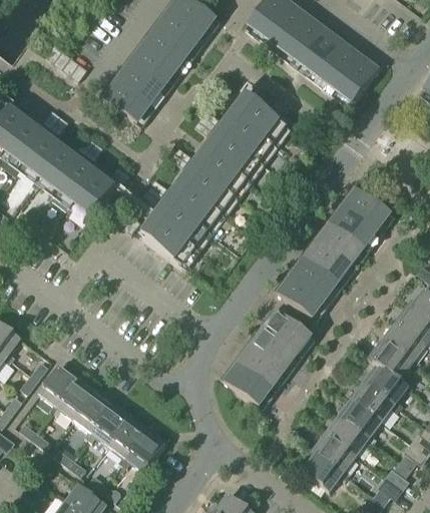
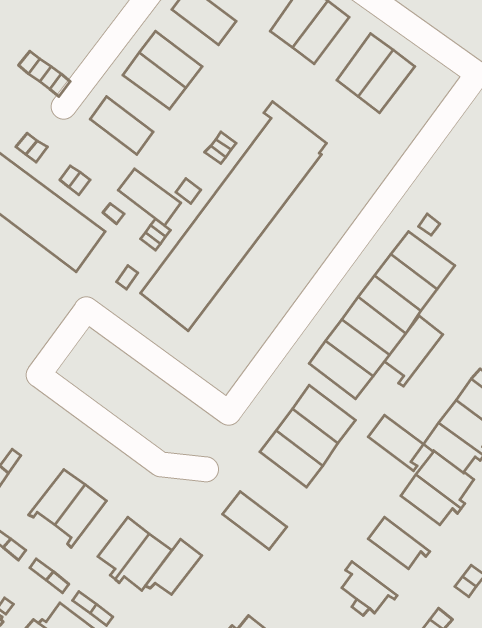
building: [154,9,204,54] -> none
building: [281,15,326,65] -> none
building: [333,54,379,104] -> none
building: [115,61,165,106] -> [118,169,181,226]
building: none -> [384,316,443,386]
building: [224,361,275,407] -> [223,492,287,550]
building: [38,365,81,411] -> none
building: [337,396,381,440] -> [368,415,423,471]
building: [87,400,132,444] -> [145,539,202,594]
building: [311,430,356,475] -> none

